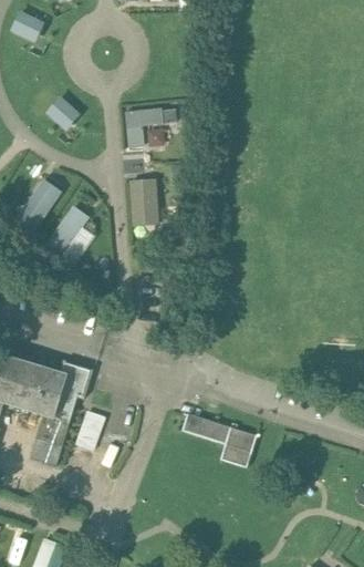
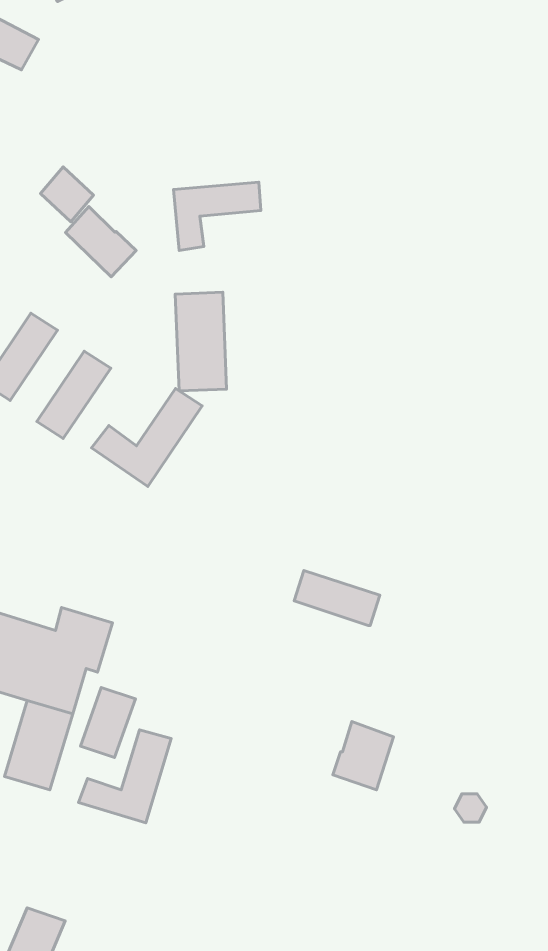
building: none -> [66,207,136,277]
building: none -> [91,389,202,487]
building: [181,411,231,443] -> [294,570,380,626]
building: none -> [78,730,171,823]

